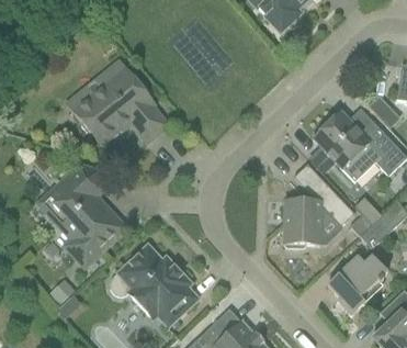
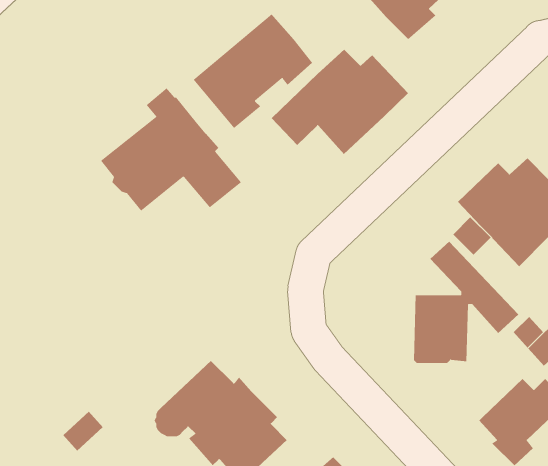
building: none -> [193,14,313,129]
building: none -> [271,49,409,155]
building: [41,166,123,263] -> none

